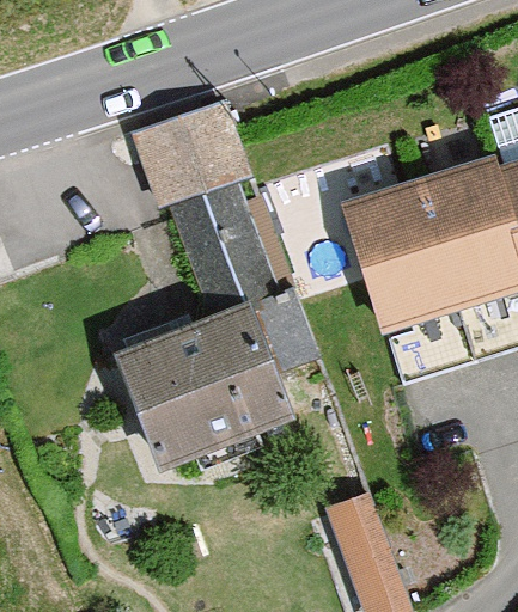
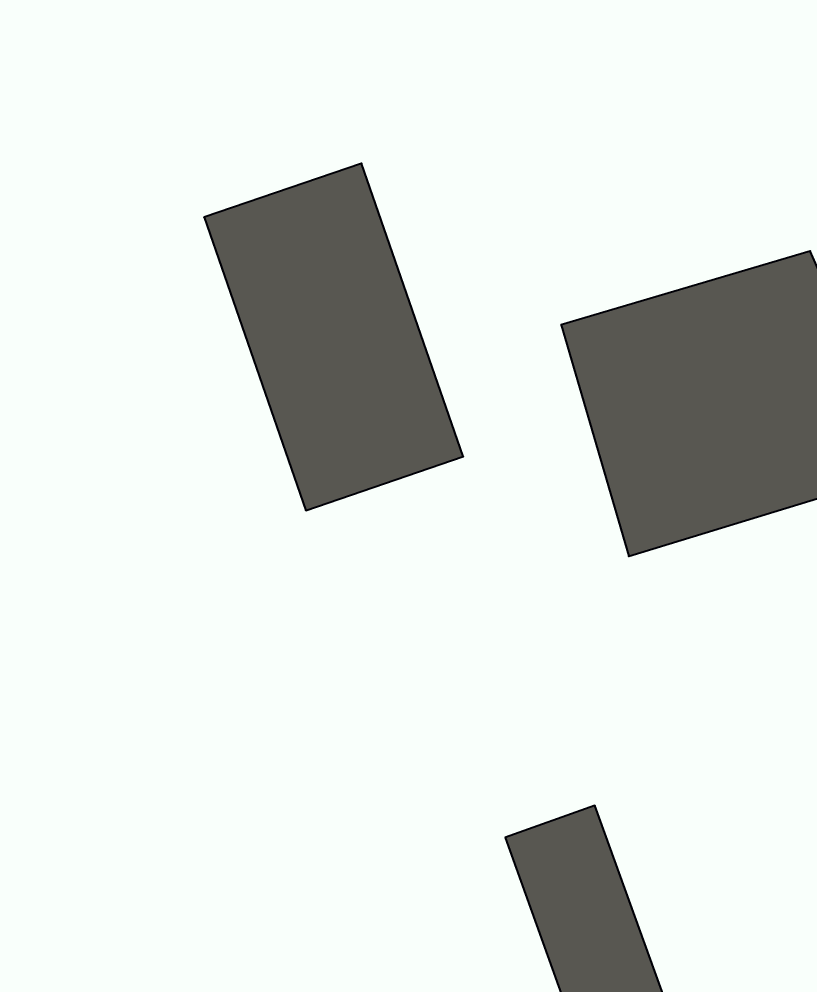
building: [127,298,325,470] -> none

